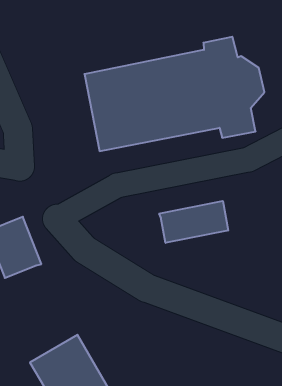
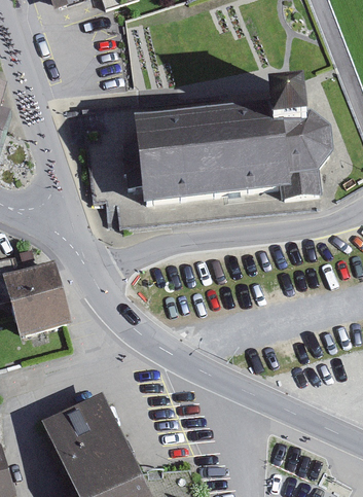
building: [159,201,228,243] -> none

